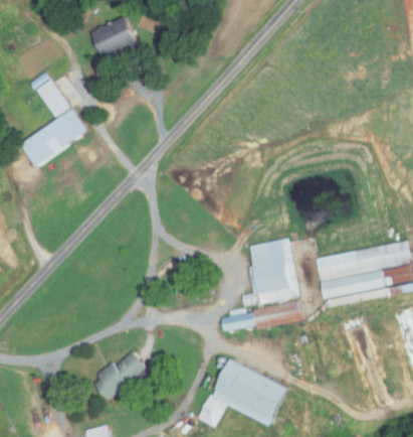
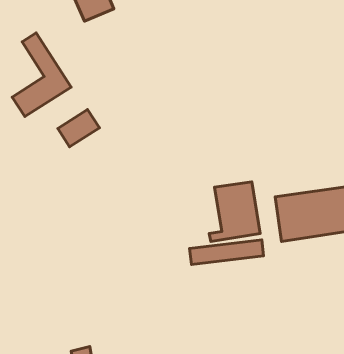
building: none -> [58,109,99,147]
building: [91,351,148,401] -> none
building: [199,358,286,428] -> none

